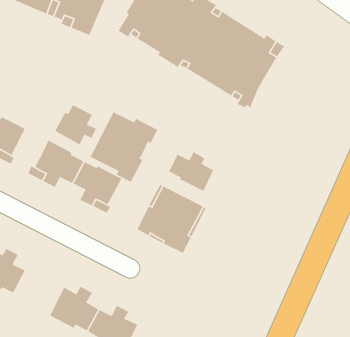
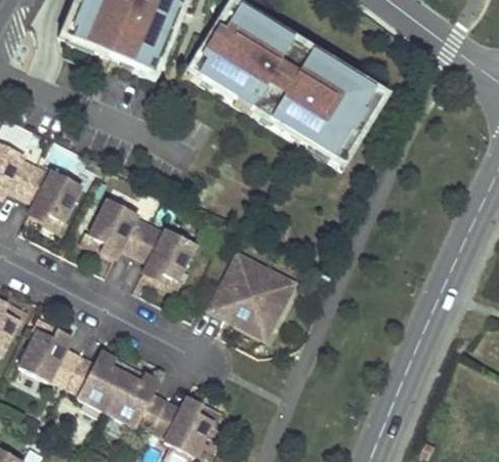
building: [54,104,97,145] -> none
building: [89,111,158,183] -> none
building: [168,151,214,192] -> none
building: none -> [66,350,125,409]

